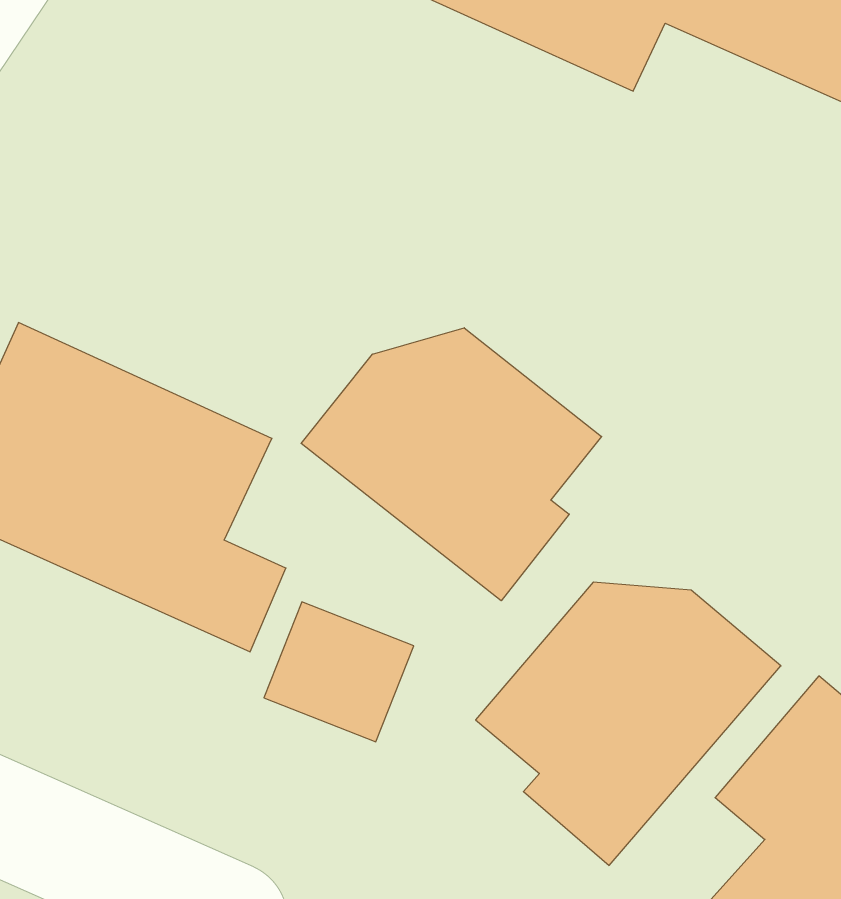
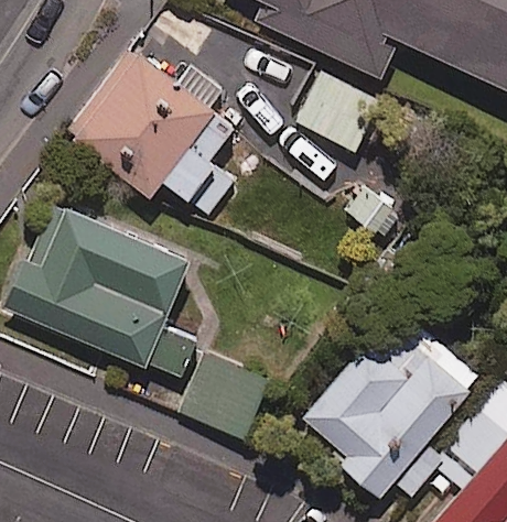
building: none -> [66,50,248,219]
building: [301,328,602,601] -> none

